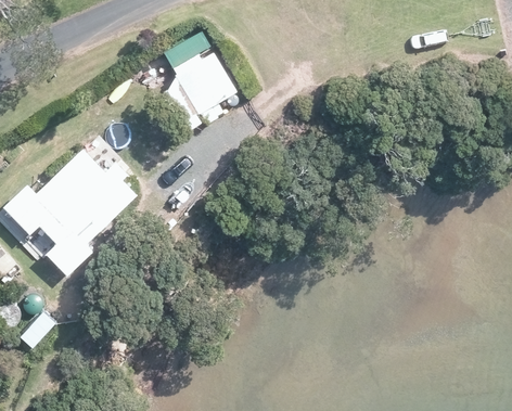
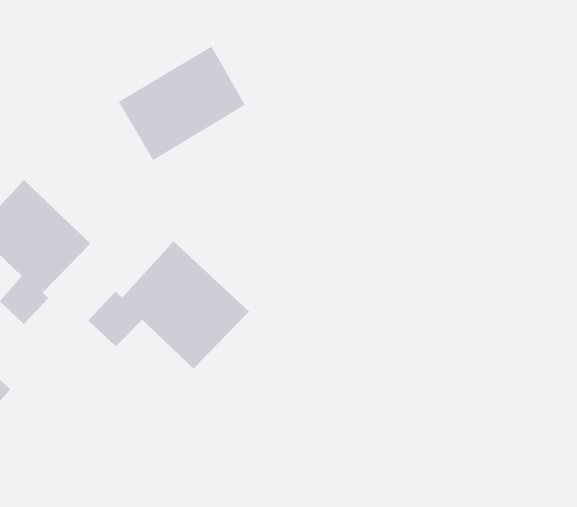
building: none -> [88,241,250,369]

